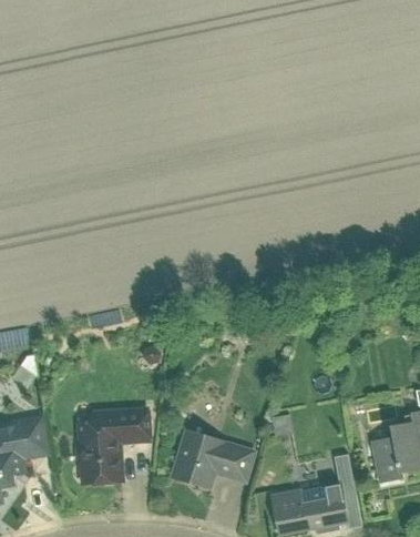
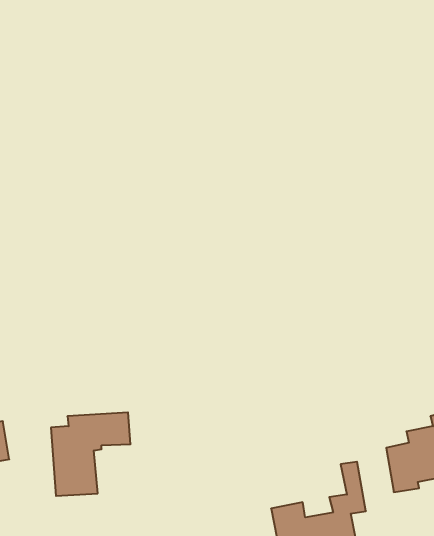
building: [174,429,254,488] -> none

